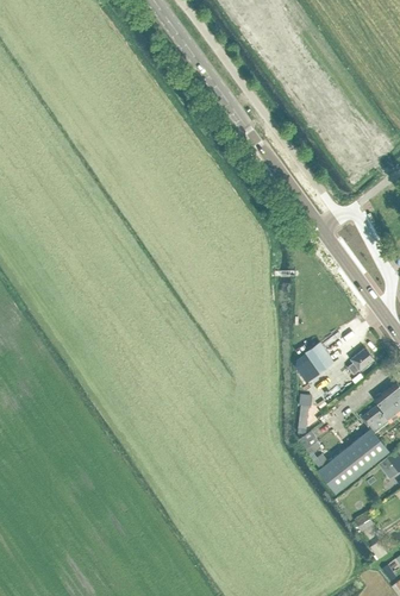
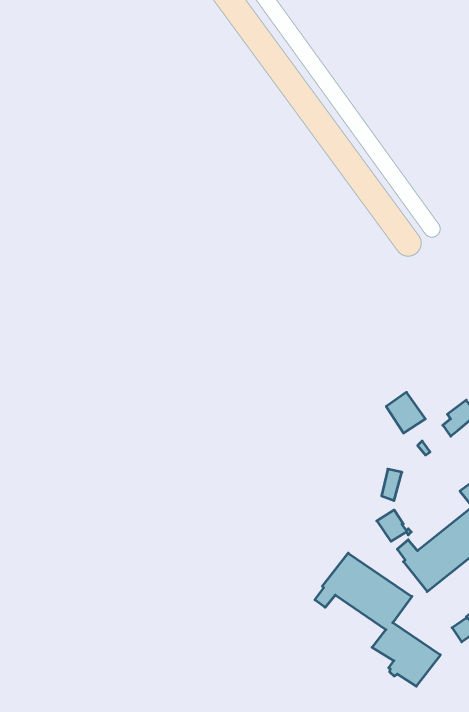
building: none -> [315,553,440,686]

